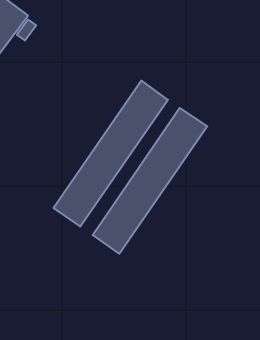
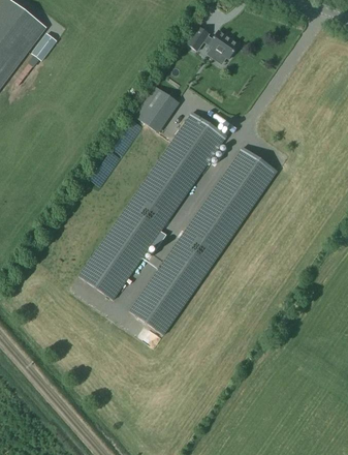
building: none -> [187,26,239,58]
building: none -> [135,87,177,130]

